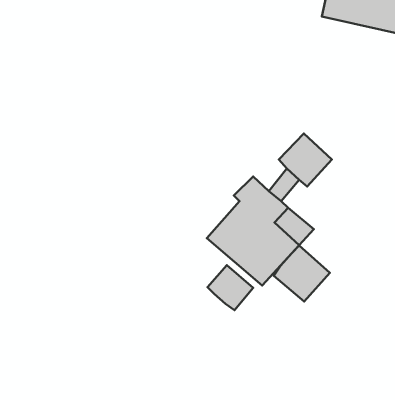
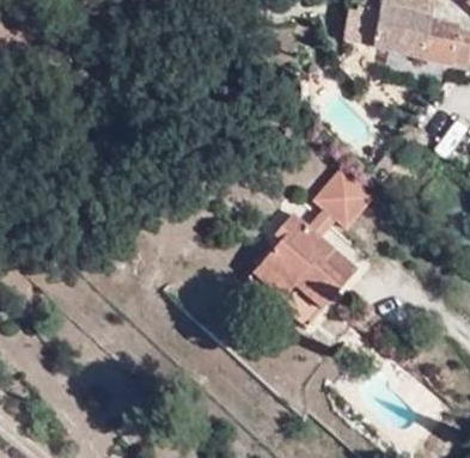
building: [274,246,330,302] -> none
building: [207,265,253,310] -> none

